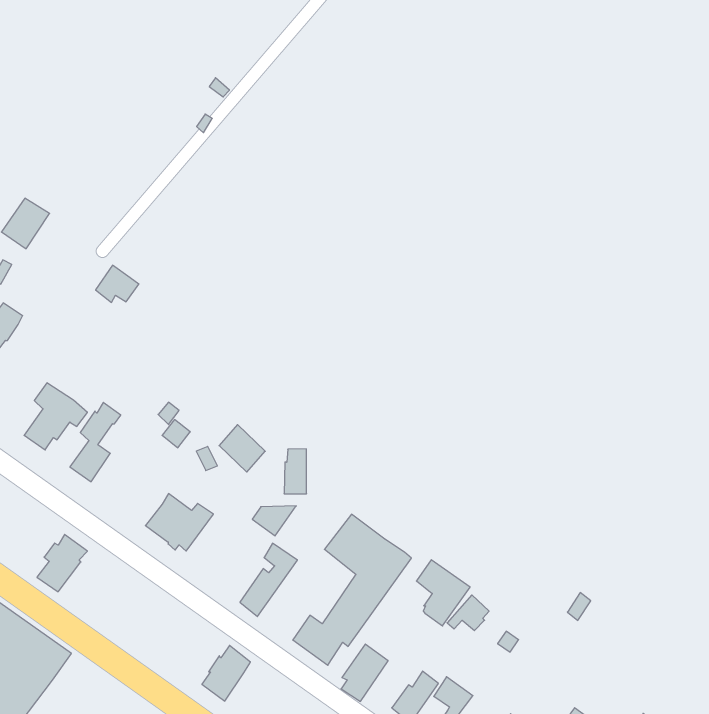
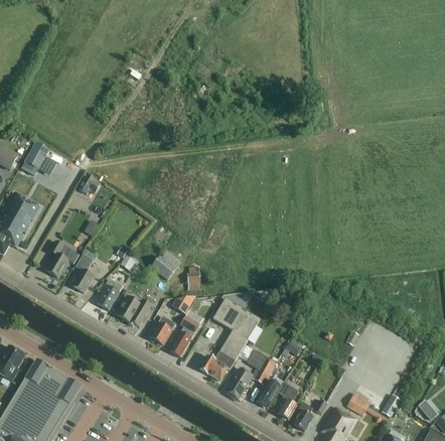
building: [37,534,87,592] -> [96,278,122,309]
building: [416,560,470,626] -> [247,349,276,385]
building: [202,645,250,701] -> [149,315,174,345]

